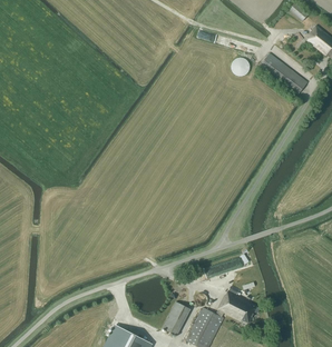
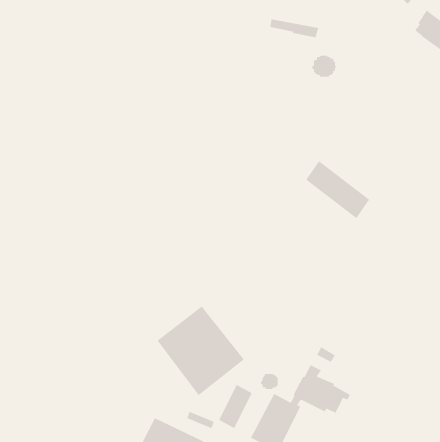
building: [260,52,307,96] -> [305,160,370,219]
building: none -> [156,306,245,396]

